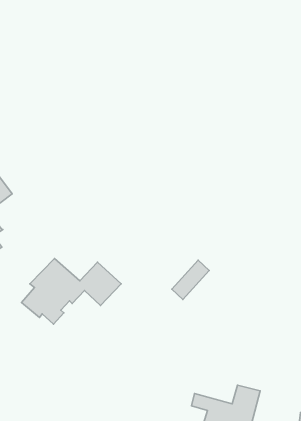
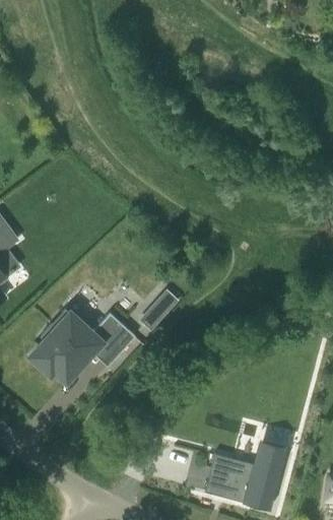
building: [172,260,209,300] -> [144,286,185,329]

